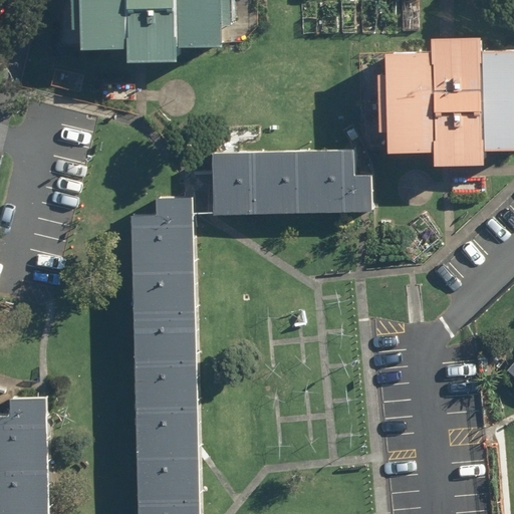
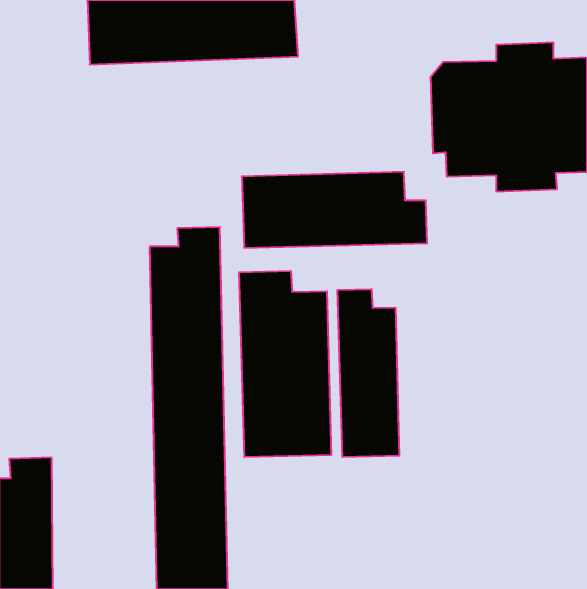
building: none -> [239,271,331,457]
building: none -> [338,289,399,457]

